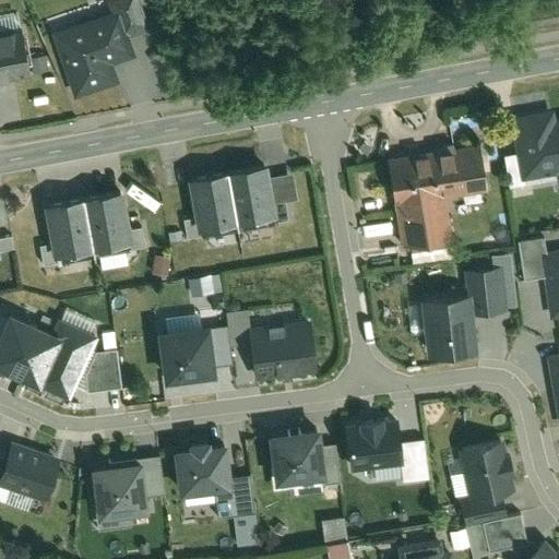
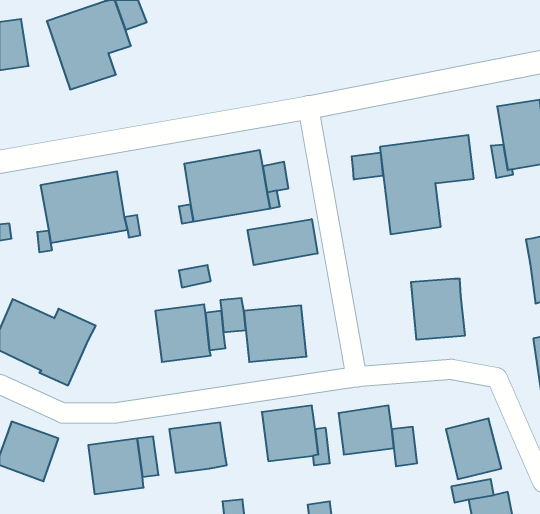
building: none -> [352,152,383,180]
building: none -> [248,219,318,265]
building: [520,240,547,283] -> none
building: [466,271,503,313] -> none
building: [86,357,120,397] -> none
building: [216,477,257,521] -> none

